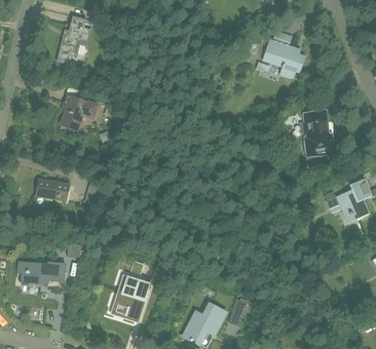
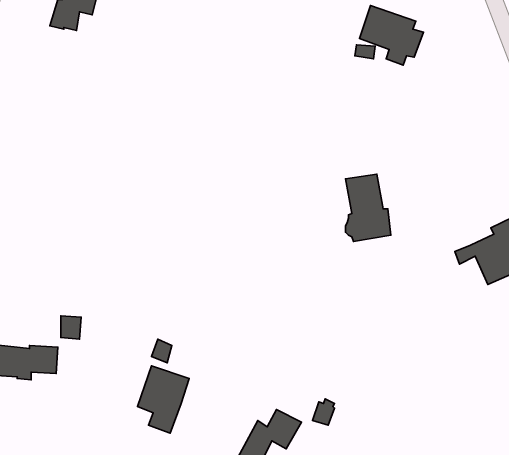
building: [61,96,99,130] -> none
building: [305,112,335,156] -> [346,174,391,242]
building: [35,178,69,200] -> none

